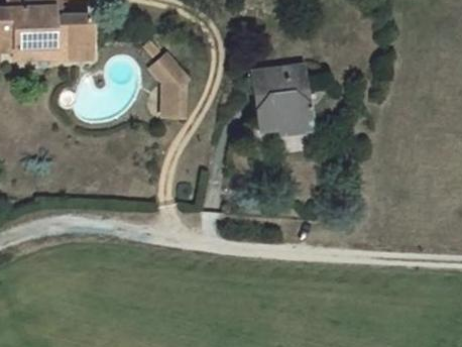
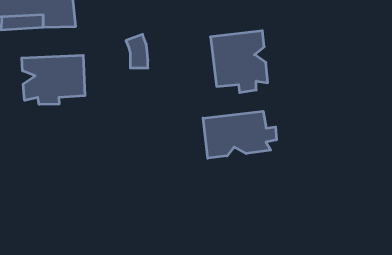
building: none -> [22,55,85,104]
building: none -> [203,111,276,158]

